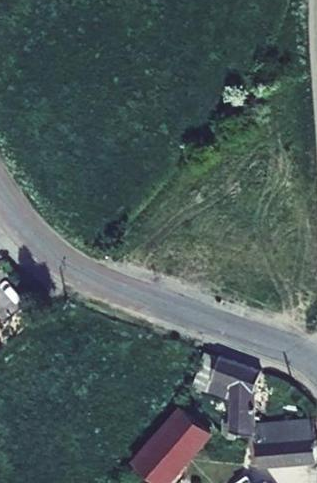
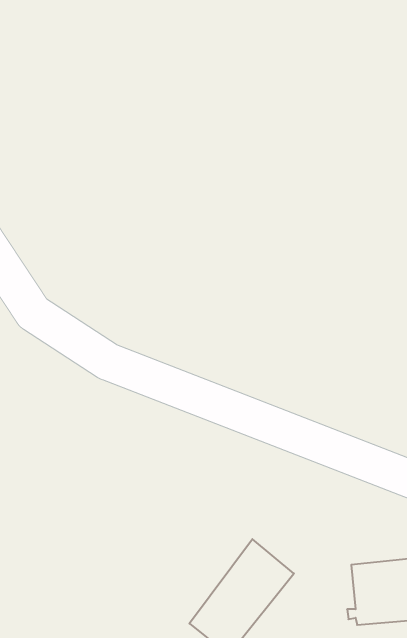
building: [205,360,258,440] -> none

